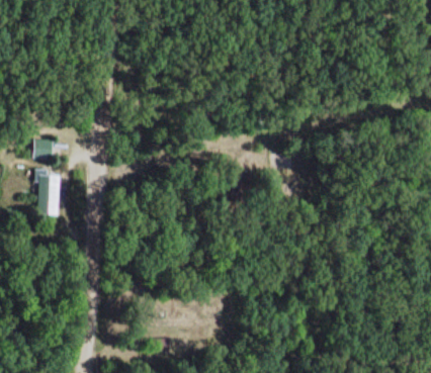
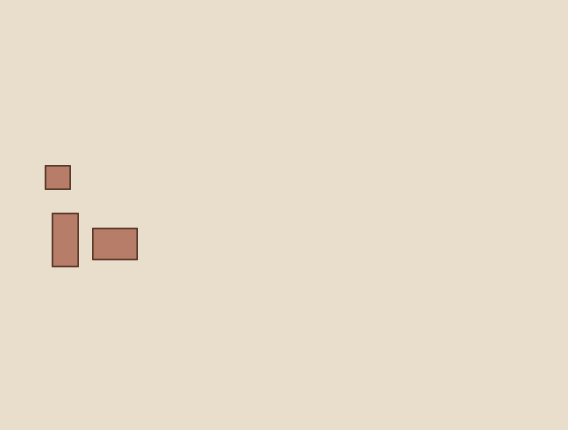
building: none -> [93,229,137,259]

